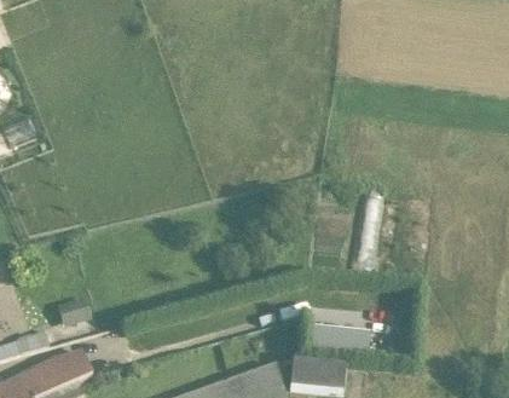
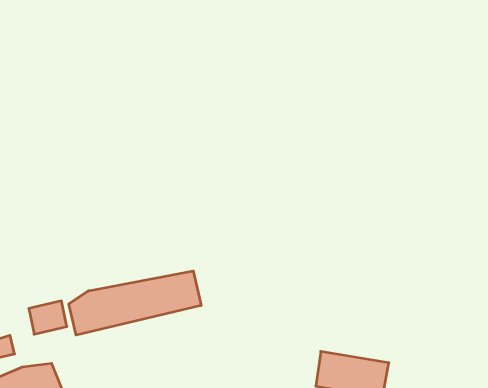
building: none -> [69,271,201,335]

